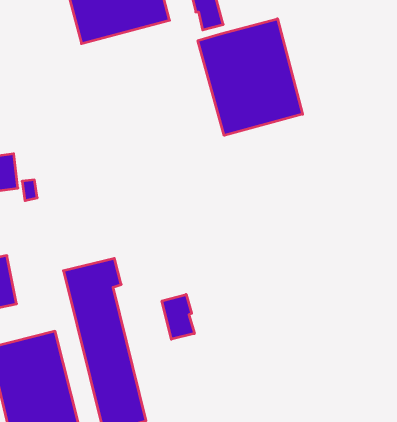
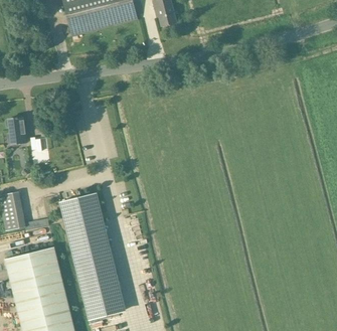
building: [198,19,303,135] -> none
building: [162,294,194,339] -> none

